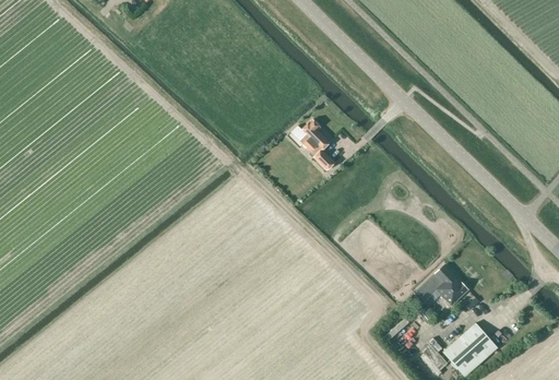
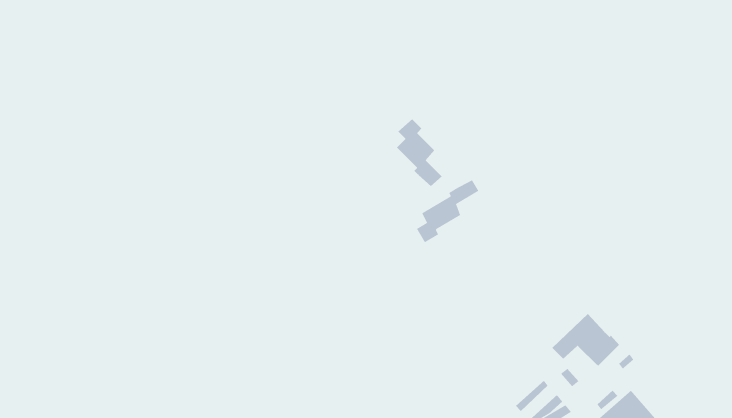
building: none -> [416,180,479,243]

